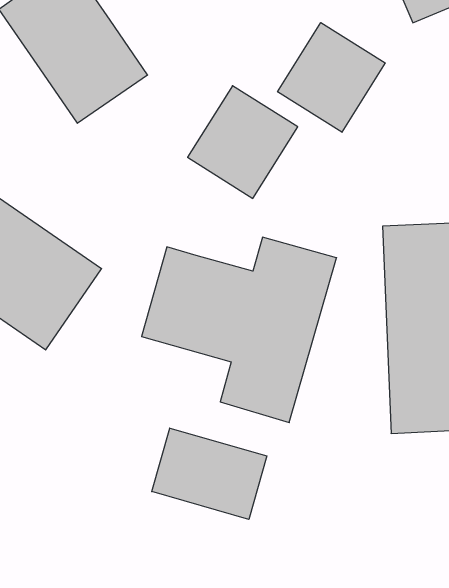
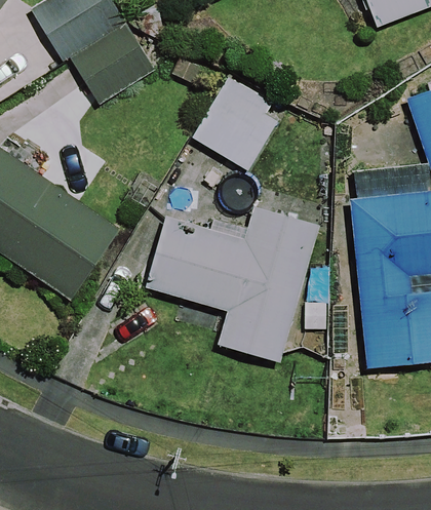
building: [278,23,385,132] -> none
building: [152,428,267,519] -> none

